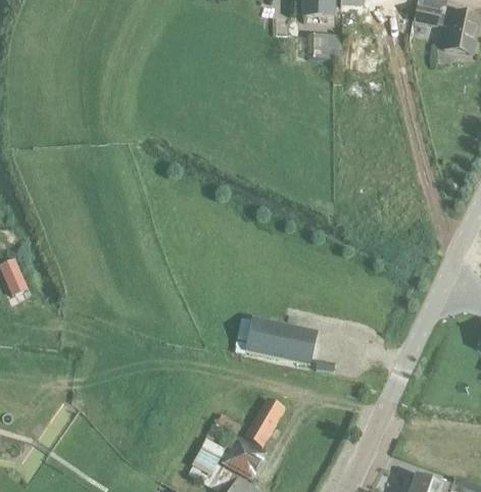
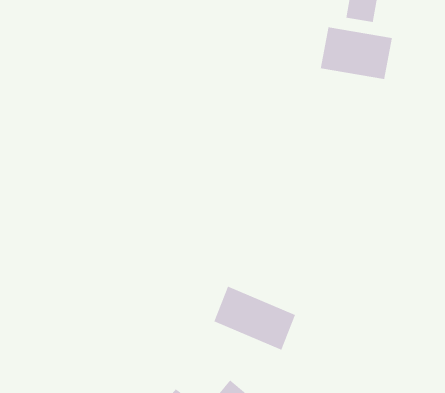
building: none -> [320,27,392,80]

